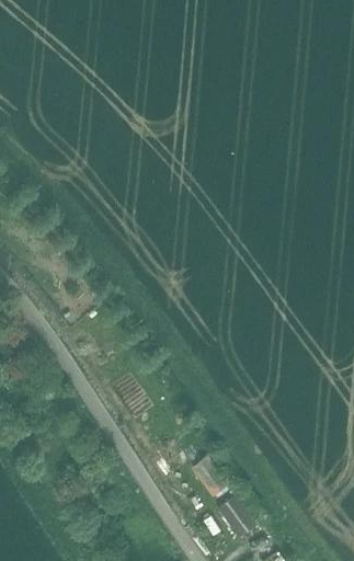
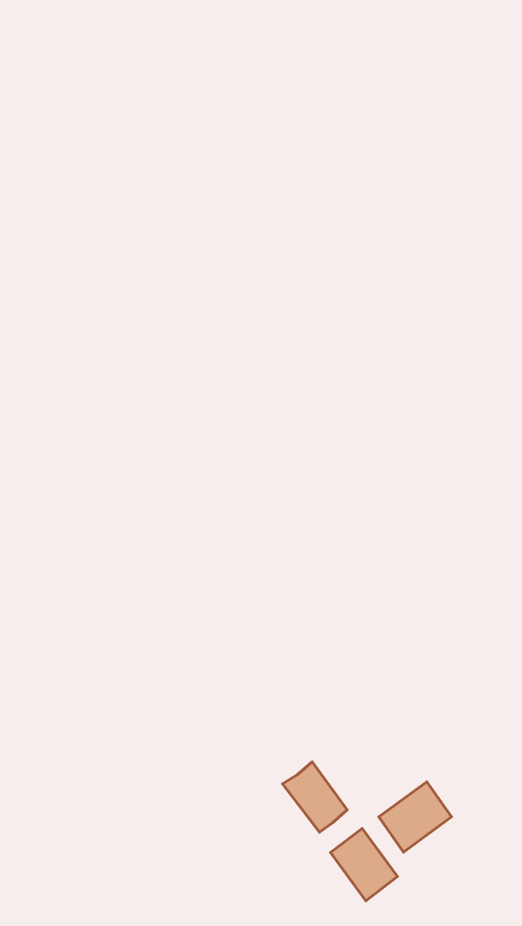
building: none -> [379,782,451,852]

